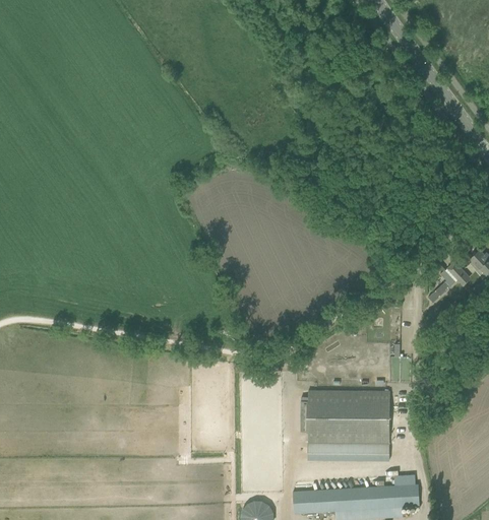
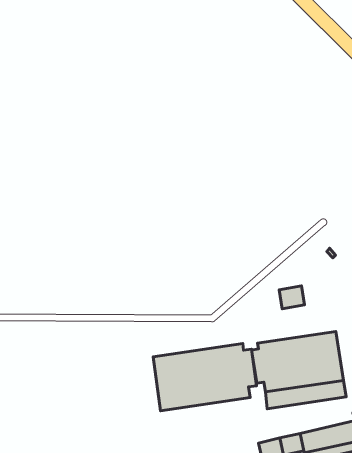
building: none -> [279,286,304,309]
building: none -> [153,344,256,411]

